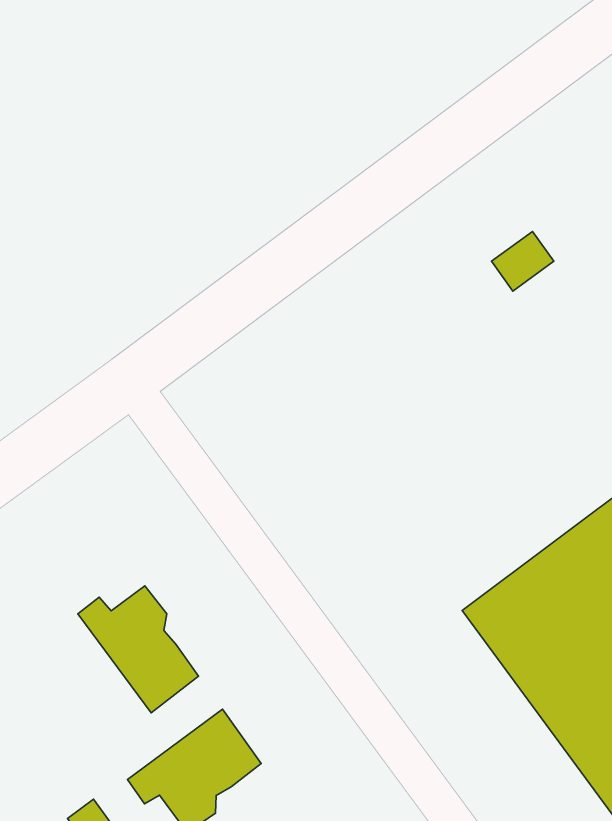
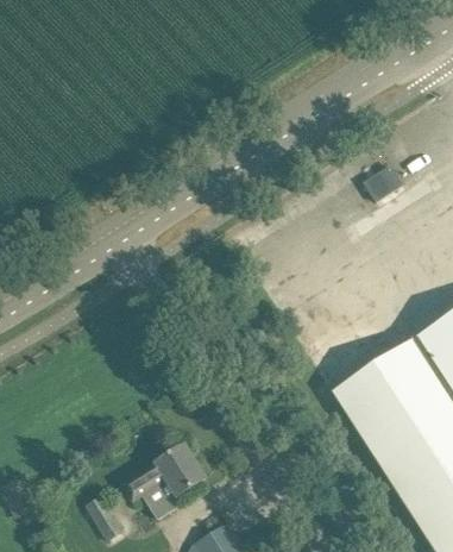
building: [78,586,199,713] -> none

